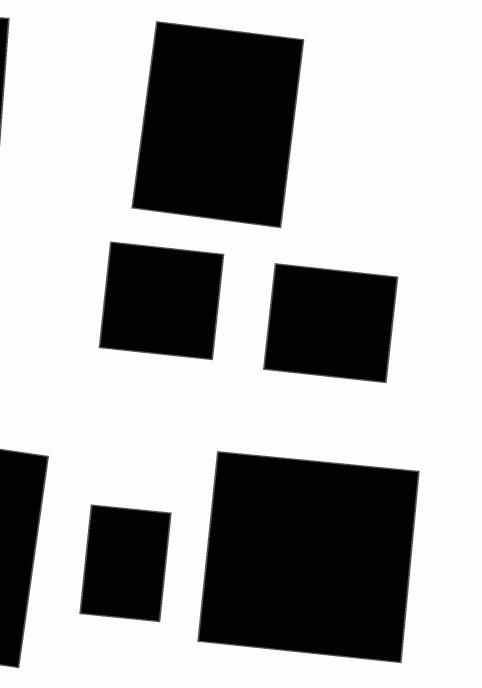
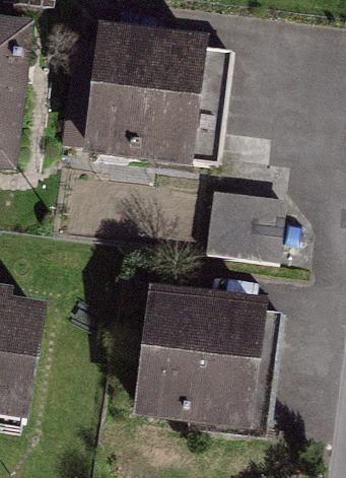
building: [99,242,224,360] -> none
building: [80,505,171,622] -> none

